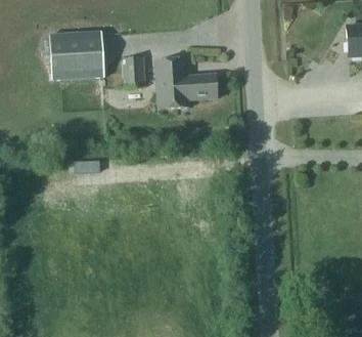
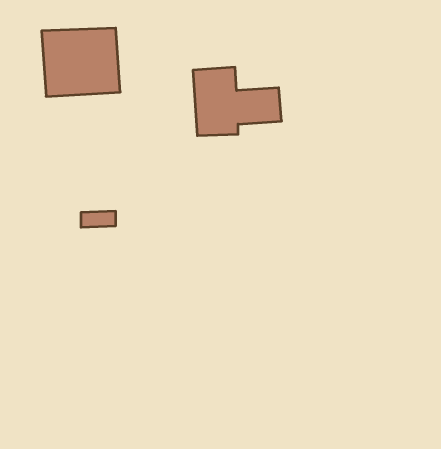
building: [123,57,145,87] -> none

